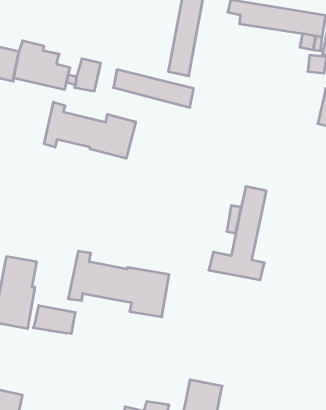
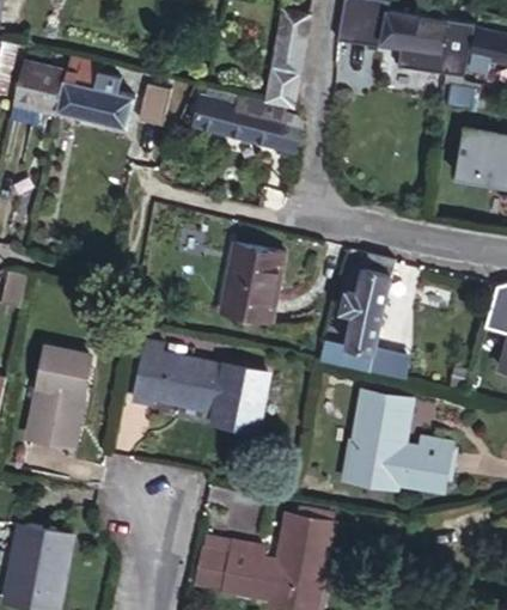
building: [44,102,136,158] -> none
building: none -> [221,246,283,324]
building: none -> [344,389,448,488]
building: [33,305,75,334] -> none

